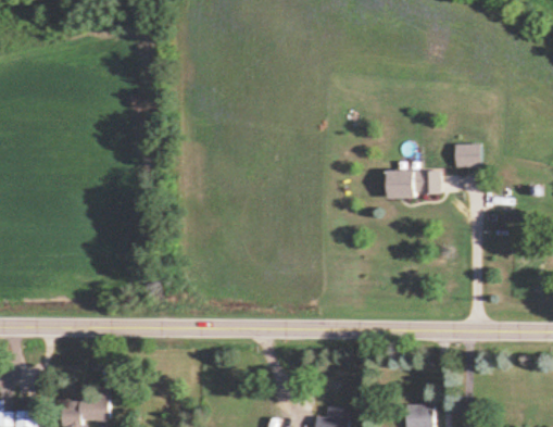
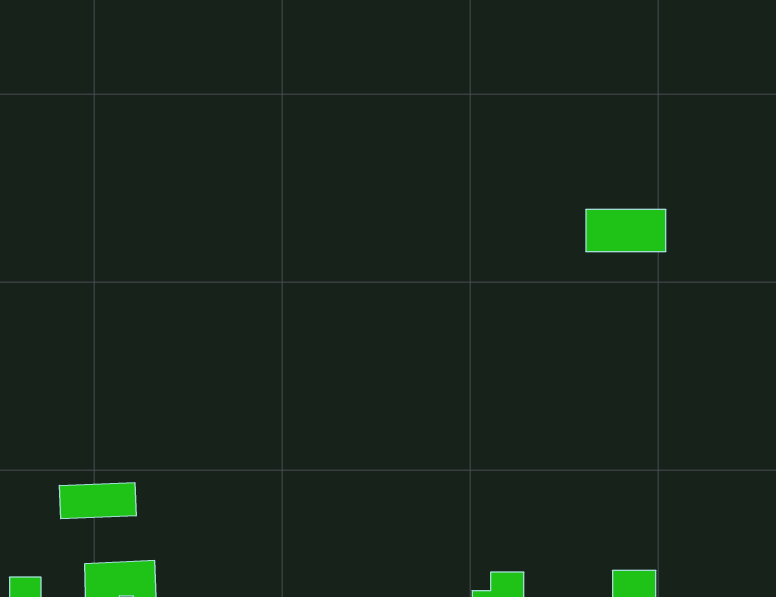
building: [457,143,483,167] -> none
building: none -> [59,483,136,519]

